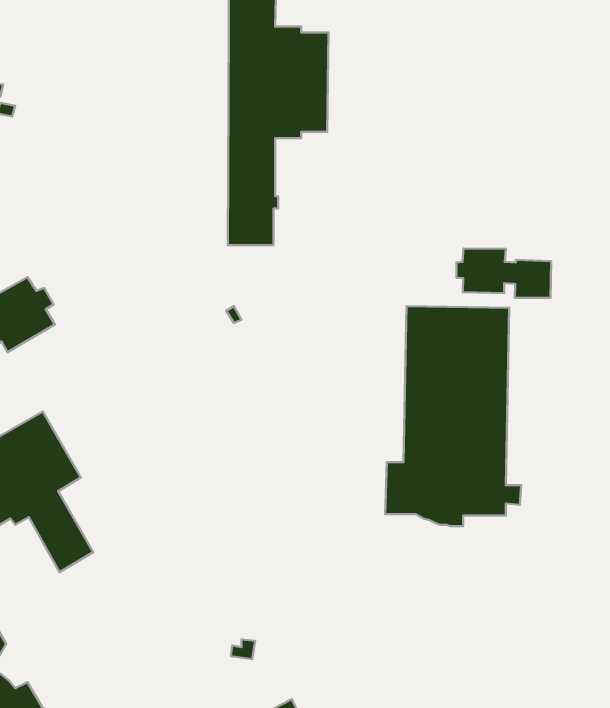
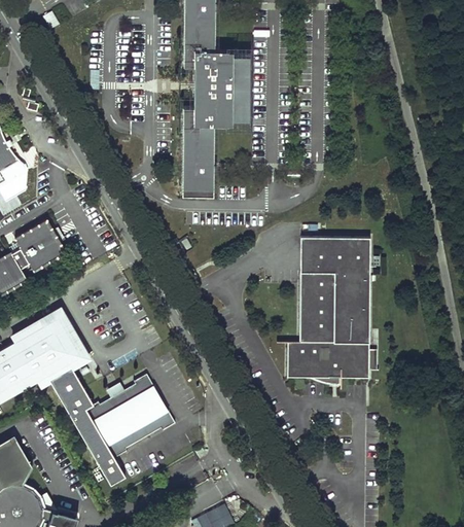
building: [456,249,551,298] -> none
building: none -> [69,373,175,486]

